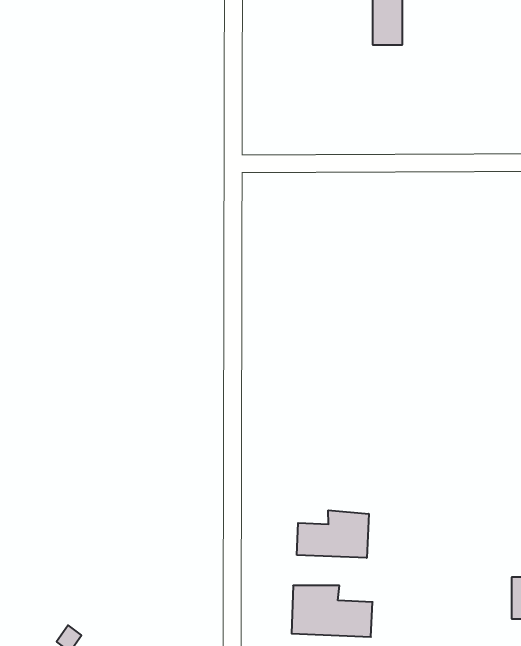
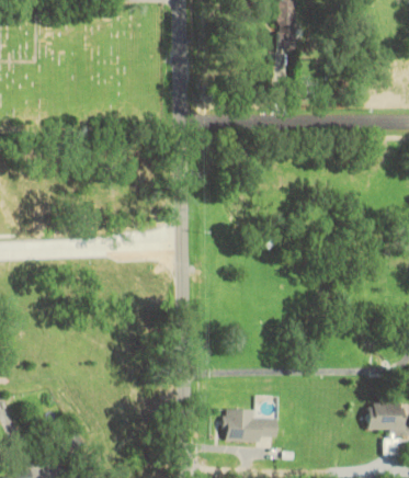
building: [297,510,369,558] -> none

